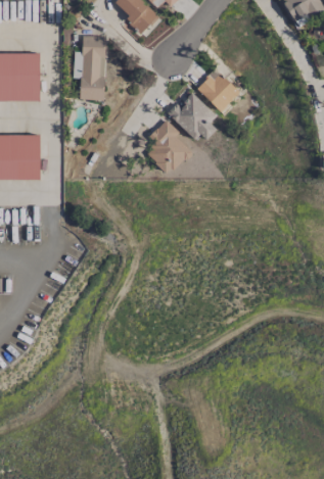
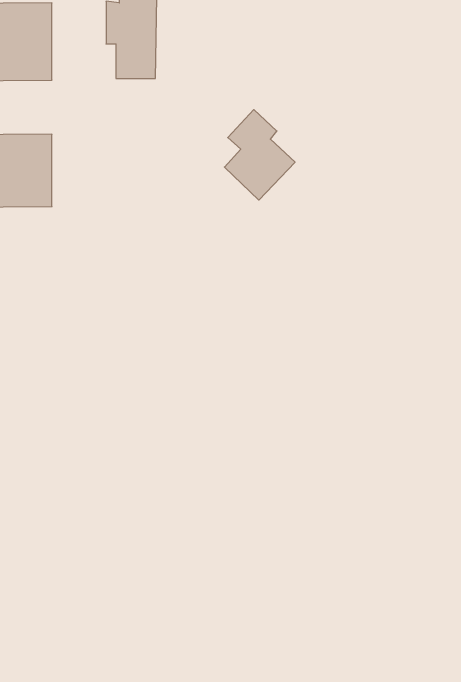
building: [196,70,240,111] -> none
building: [167,93,217,139] -> none

